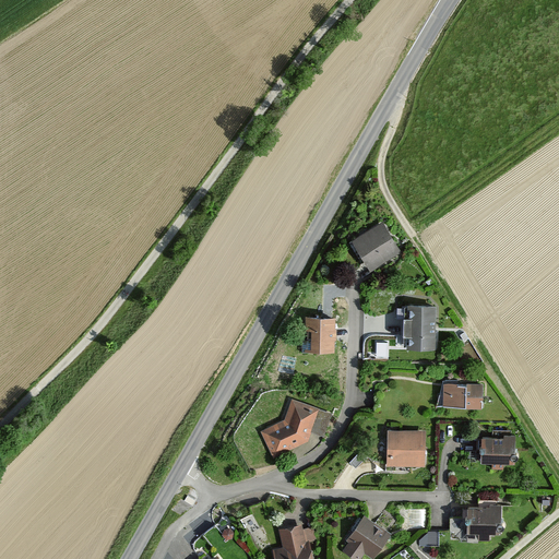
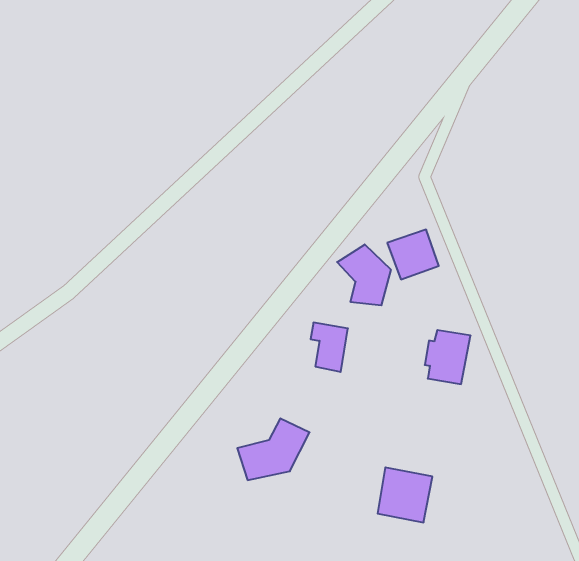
building: none -> [337,244,391,305]
building: [433,380,484,409] -> none
building: [480,435,516,464] -> none

